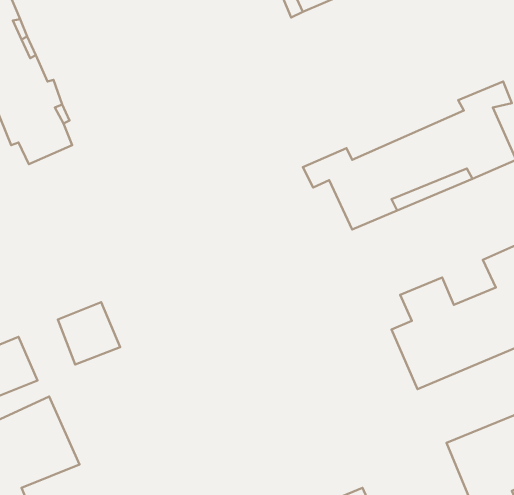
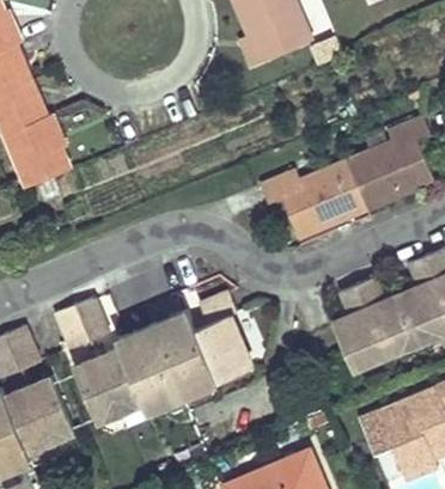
building: none -> [73,292,256,422]

